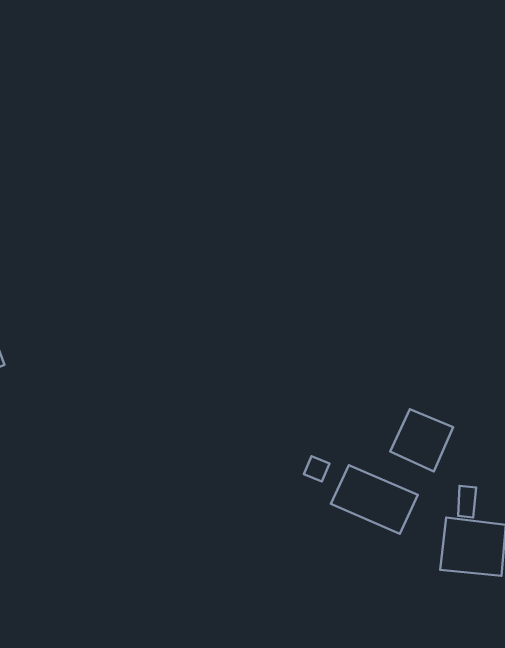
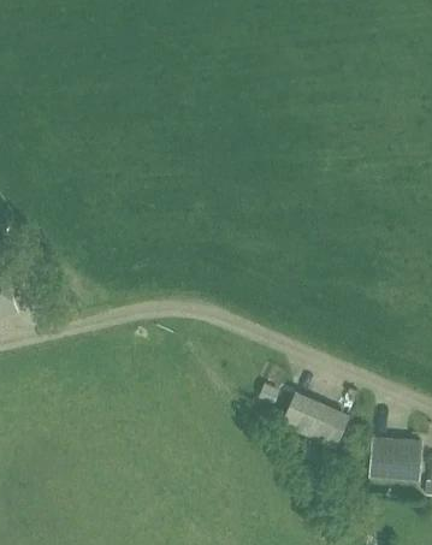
building: [390,409,453,472] -> none

